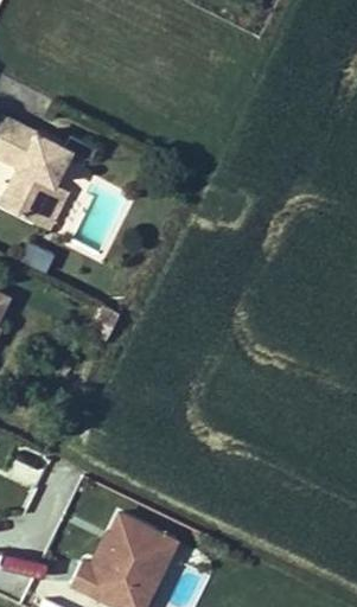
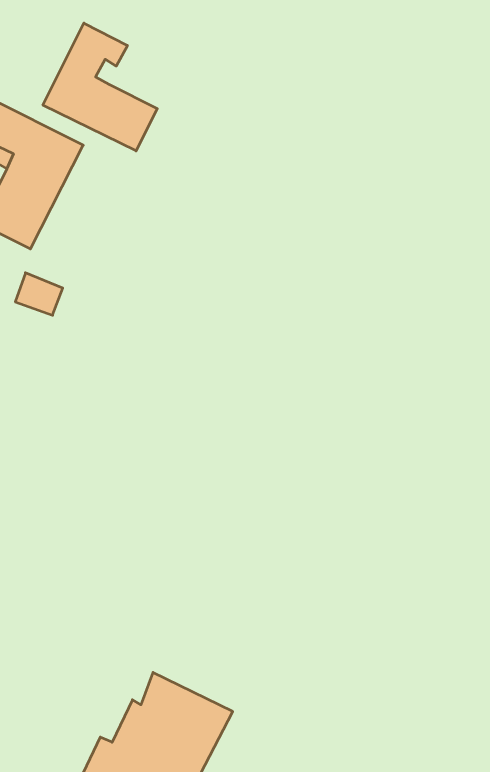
building: none -> [43,23,157,151]

